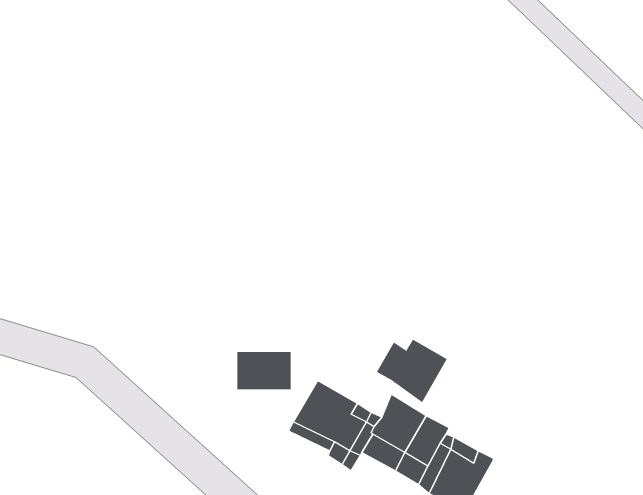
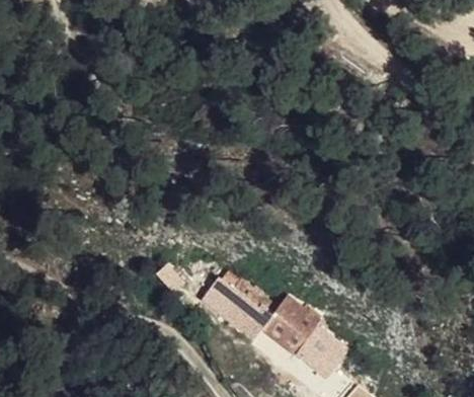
building: [376,339,448,403] -> none

